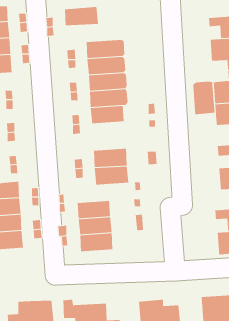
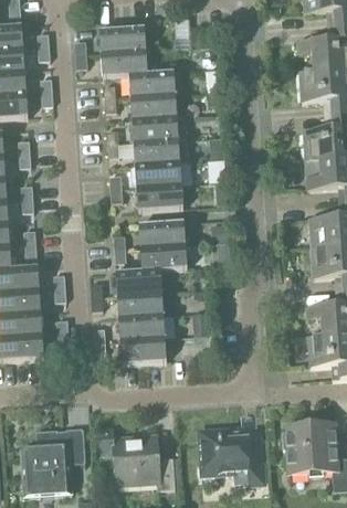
building: none -> [99,51,147,77]
building: [193,81,215,115] -> none
building: none -> [136,184,183,211]
building: none -> [114,271,161,296]

